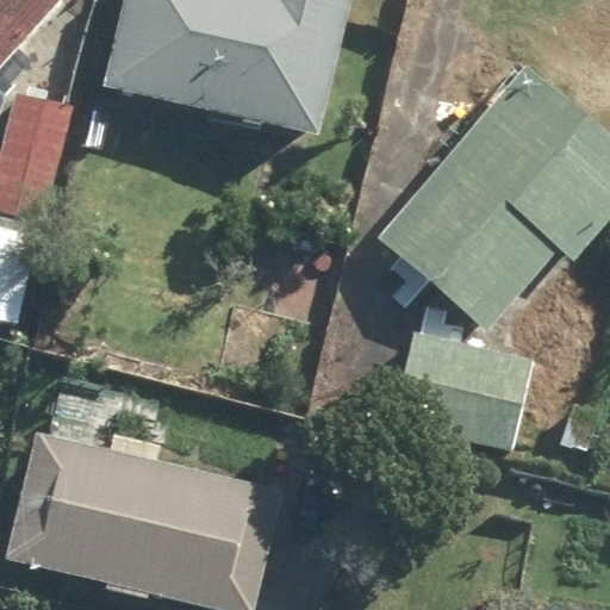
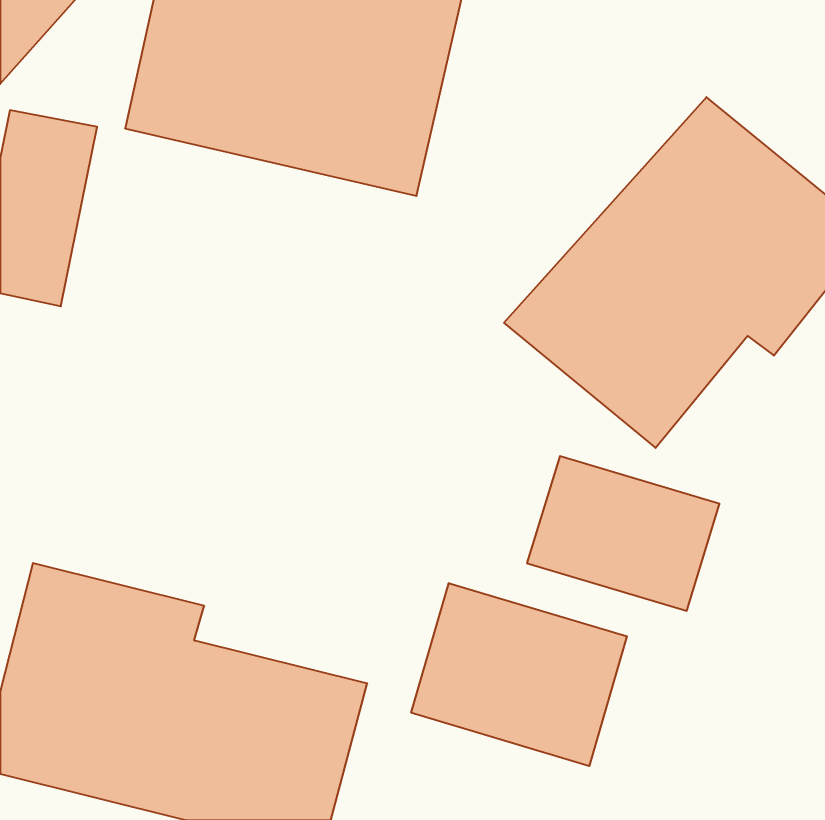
building: none -> [411,583,627,766]

